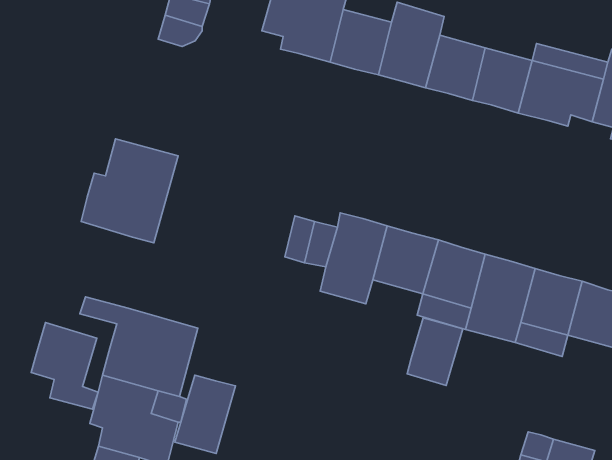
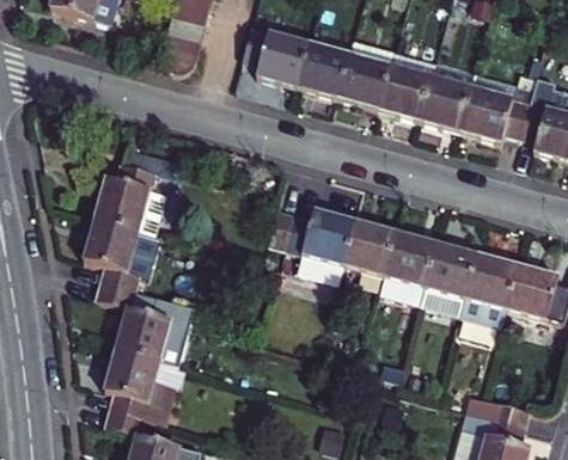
building: [407,318,463,385] -> none
building: [31,323,98,409] -> [83,220,139,293]
building: [175,375,235,454] -> none

